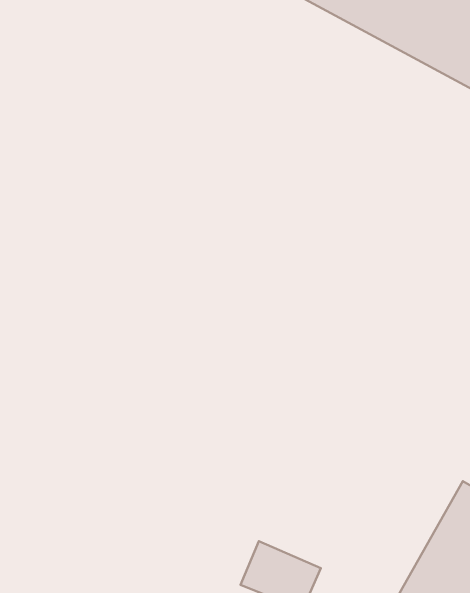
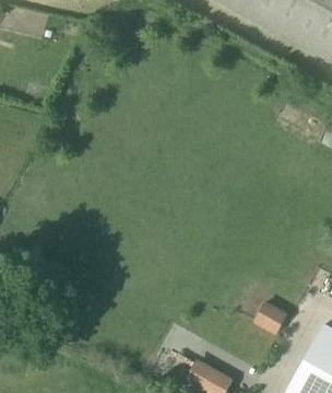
building: none -> [252,297,287,330]

